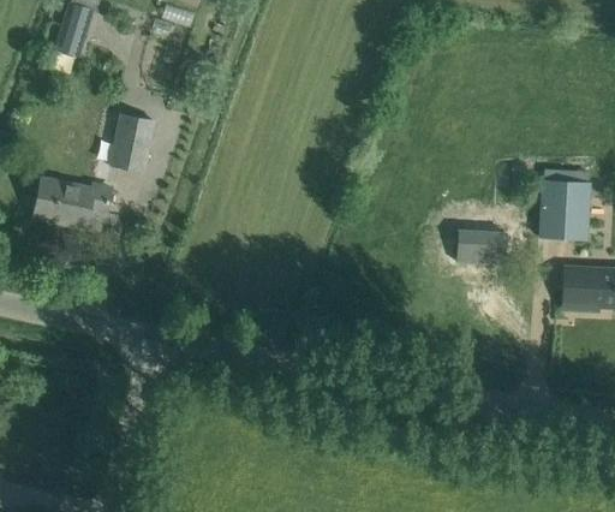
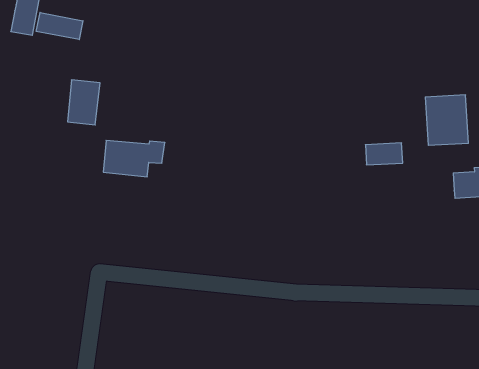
building: none -> [36,12,83,40]
building: [34,180,111,228] -> [103,140,165,177]

